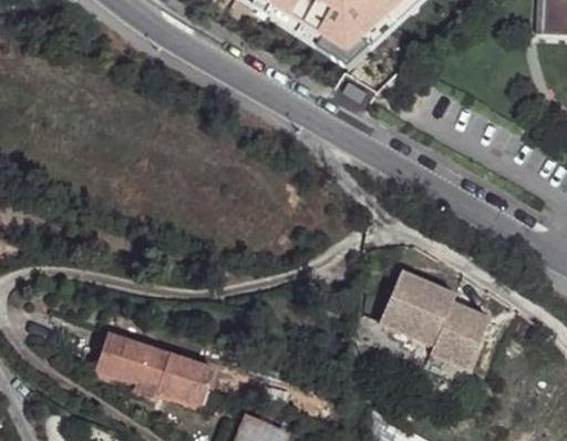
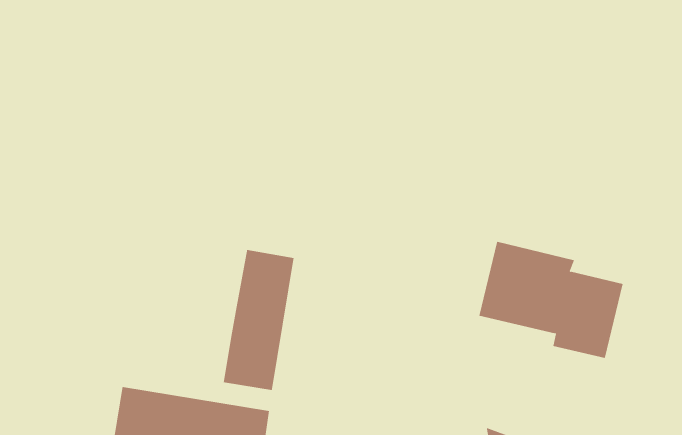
building: none -> [223,249,294,391]

